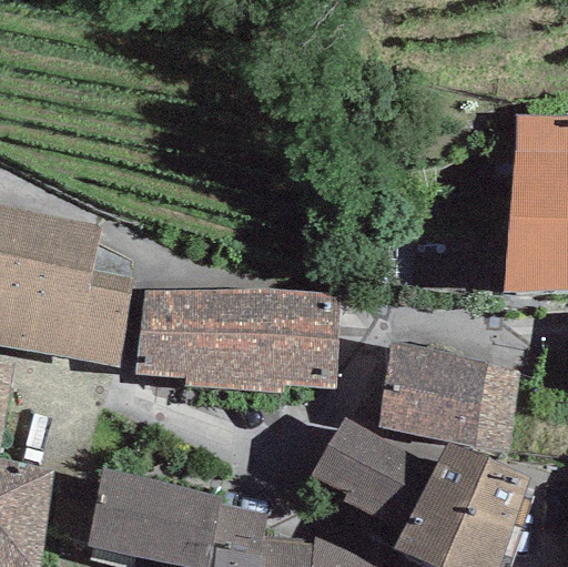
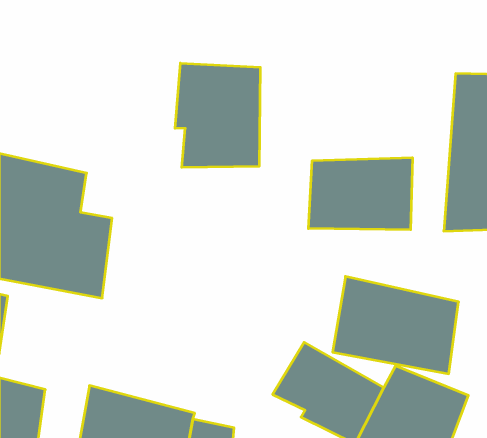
building: none -> [175,63,260,167]
building: none -> [308,158,412,230]
building: [136,291,337,393] -> none

